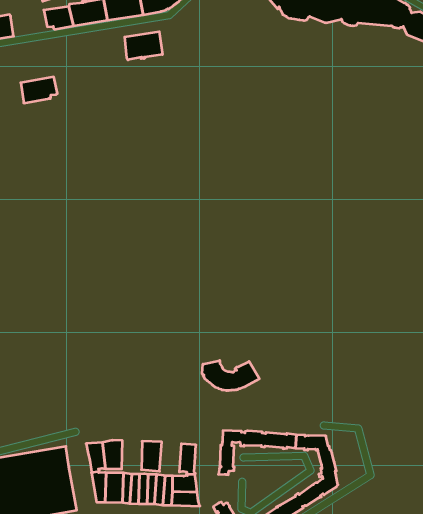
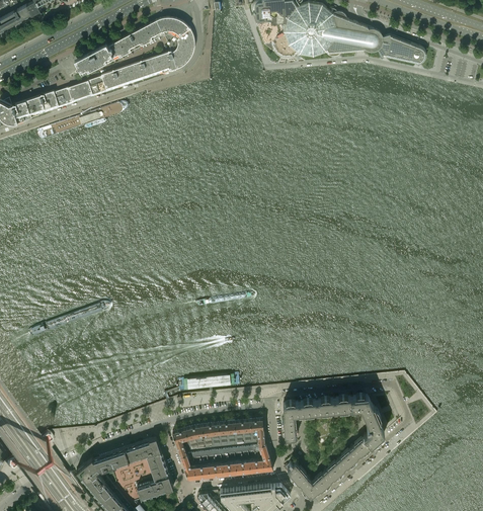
building: [125,32,162,60] -> none
building: [21,77,57,103] -> [55,83,86,108]
building: [202,360,259,391] -> none
building: none -> [202,423,221,448]
building: none -> [234,420,252,445]

